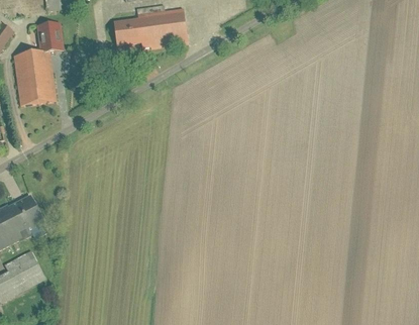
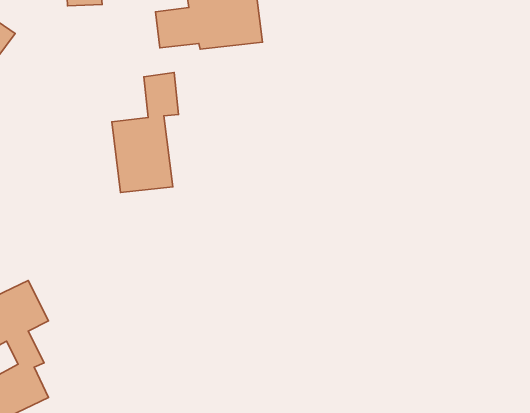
building: [13,22,60,106] -> [112,73,178,192]

